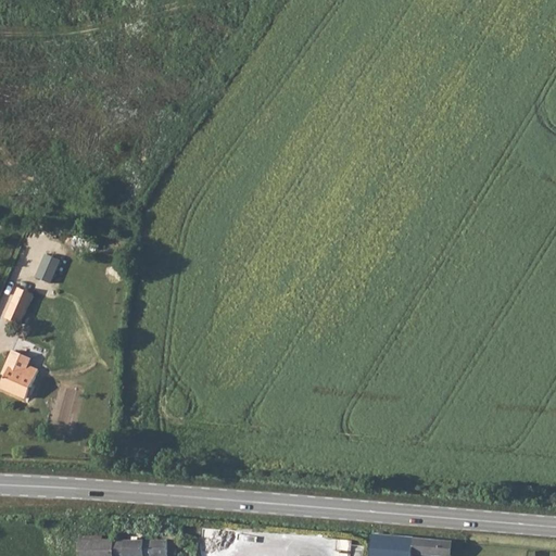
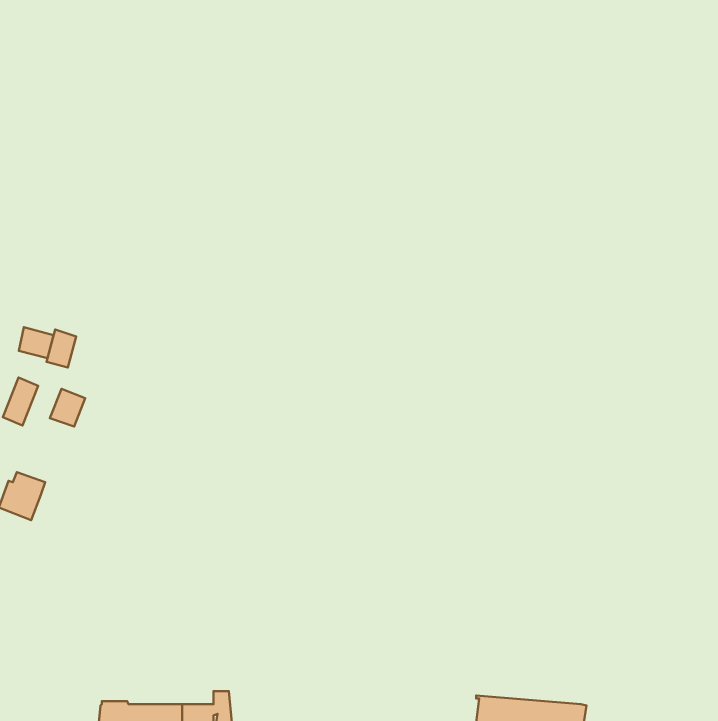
building: none -> [19,327,54,358]
building: none -> [50,389,85,426]

